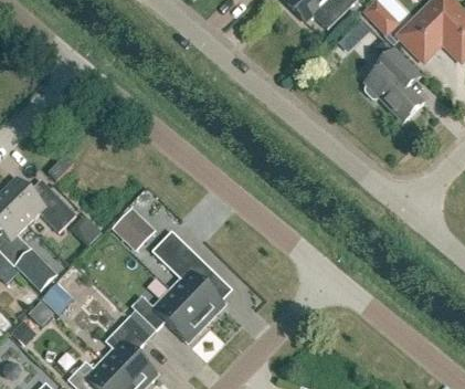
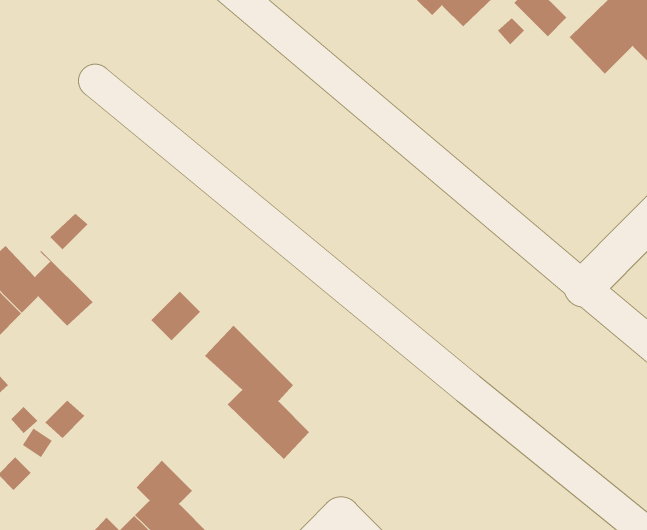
building: [364,40,423,122] -> none
building: [18,249,57,288] -> none
building: [131,284,205,341] -> none

